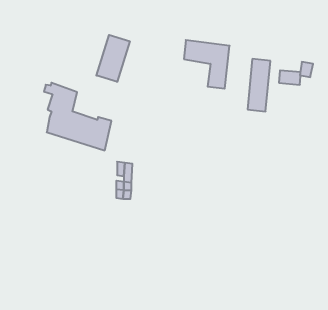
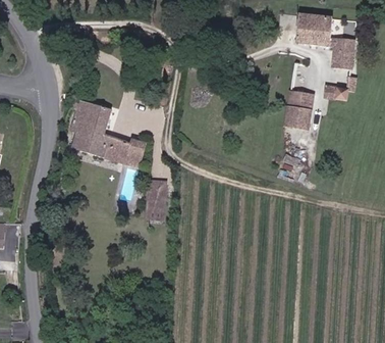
building: [96,35,130,82] -> none
building: [184,40,230,89] -> [306,17,354,69]

